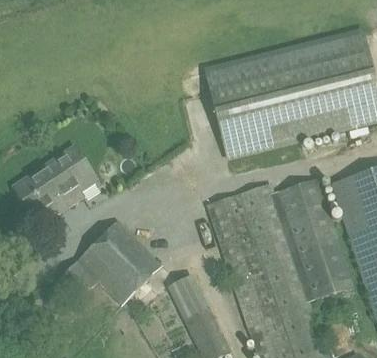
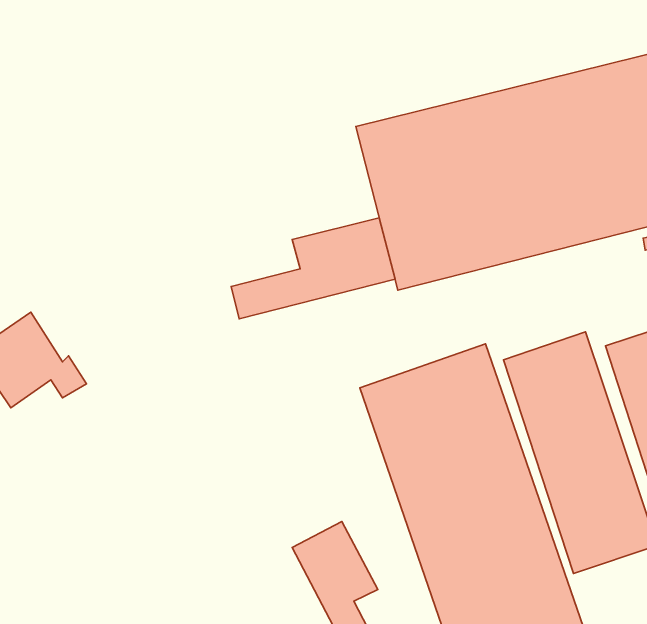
building: none -> [231,218,395,319]
building: [43,146,94,203] -> none
building: [58,219,162,304] -> none

